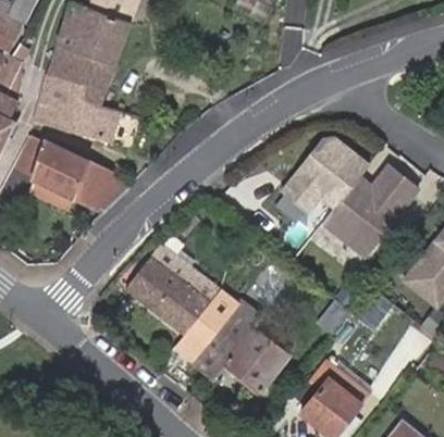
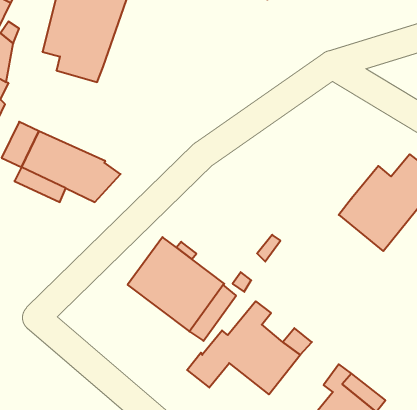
building: [37,72,123,141] -> none
building: [272,124,372,212] -> none

